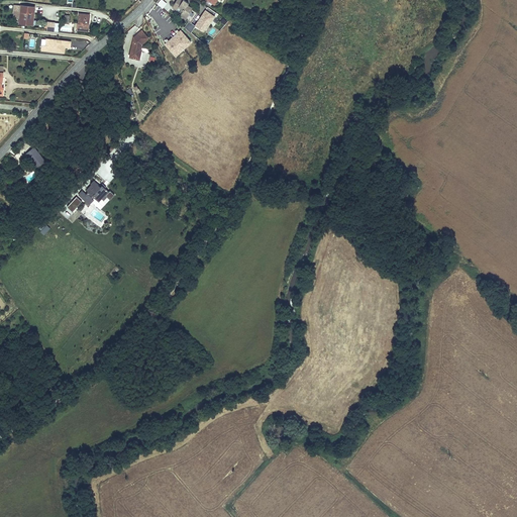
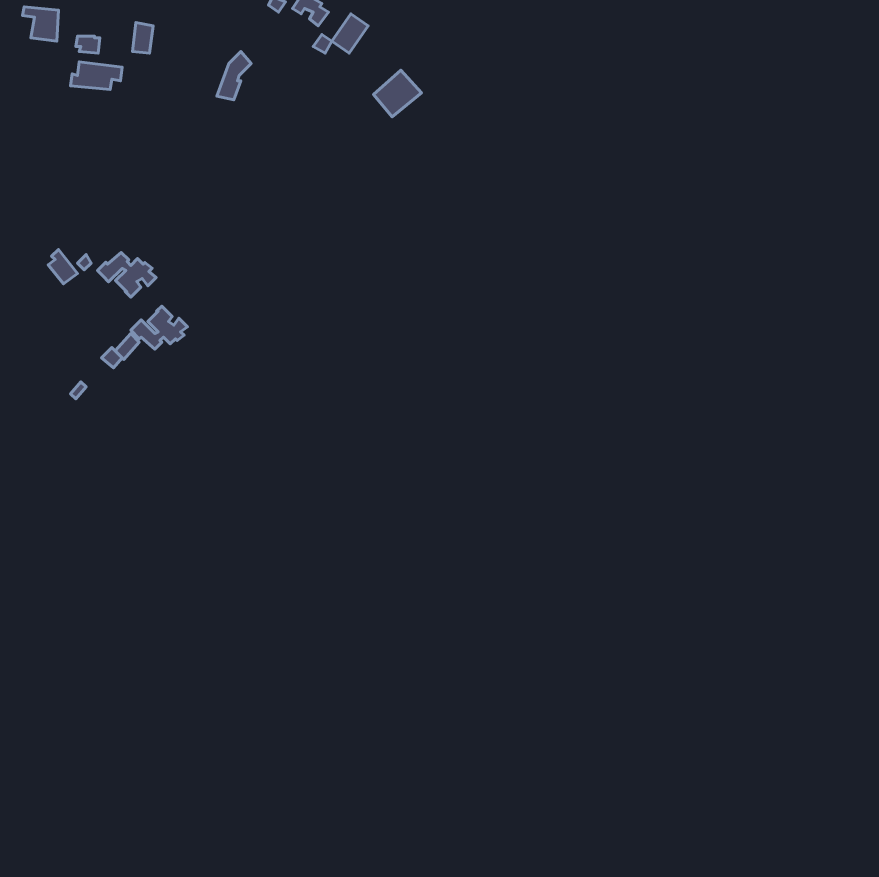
building: [165,28,193,56] -> [373,70,422,117]
building: none -> [97,252,156,297]

